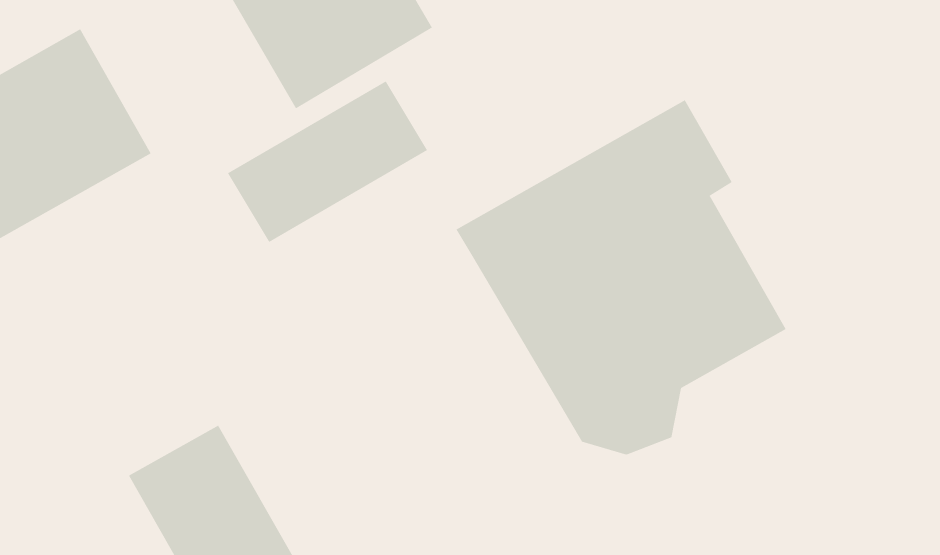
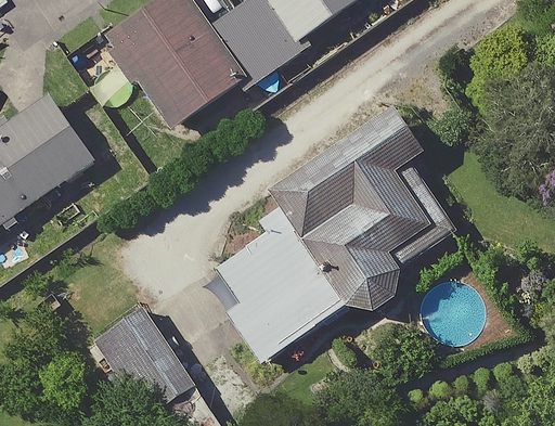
building: [227,80,428,243] -> none
building: none -> [218,205,347,363]

